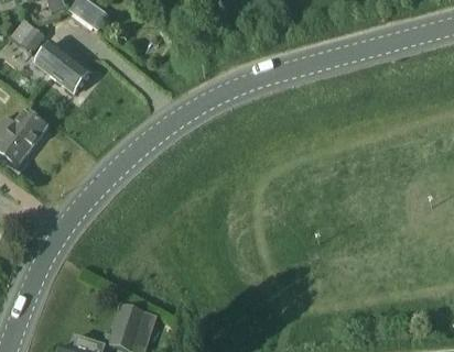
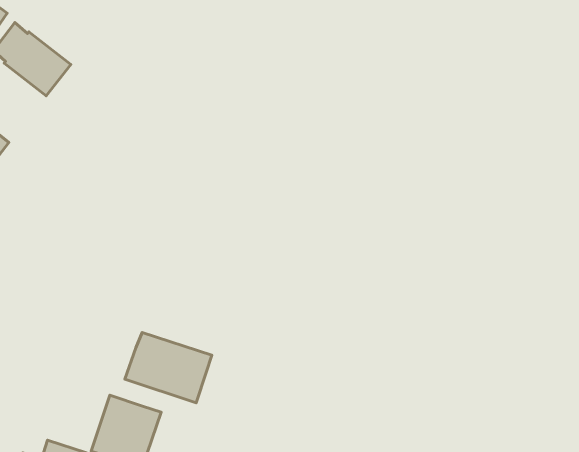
building: none -> [125,333,212,403]

